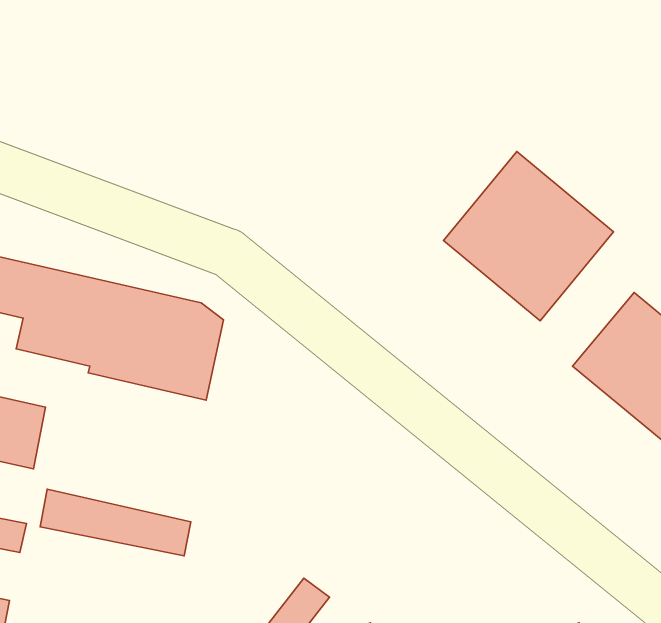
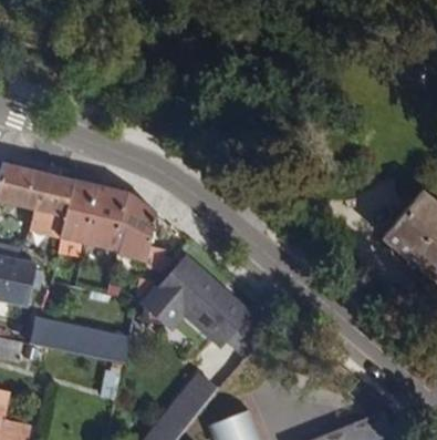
building: [444,152,613,321] -> none
building: none -> [148,263,251,341]

